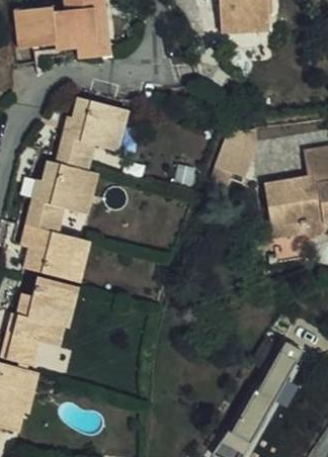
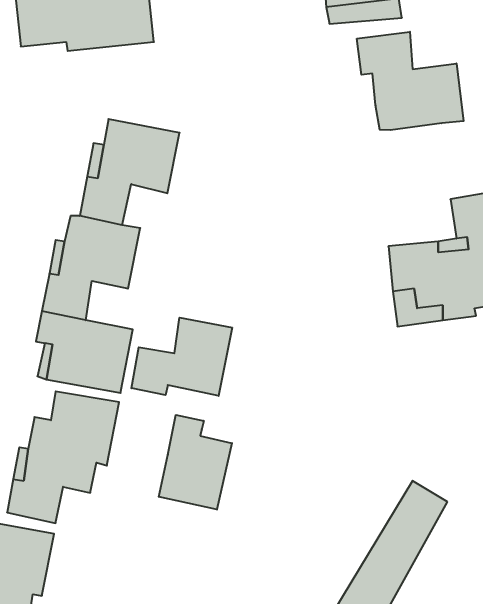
building: none -> [357,32,464,130]
building: none -> [131,318,232,396]
building: none -> [159,415,232,510]

